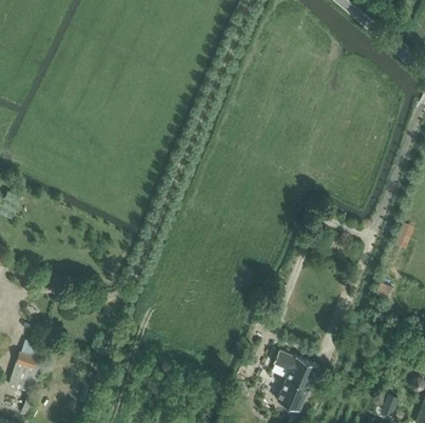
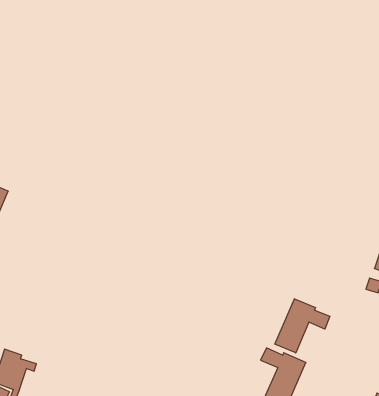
building: none -> [275,299,330,353]

